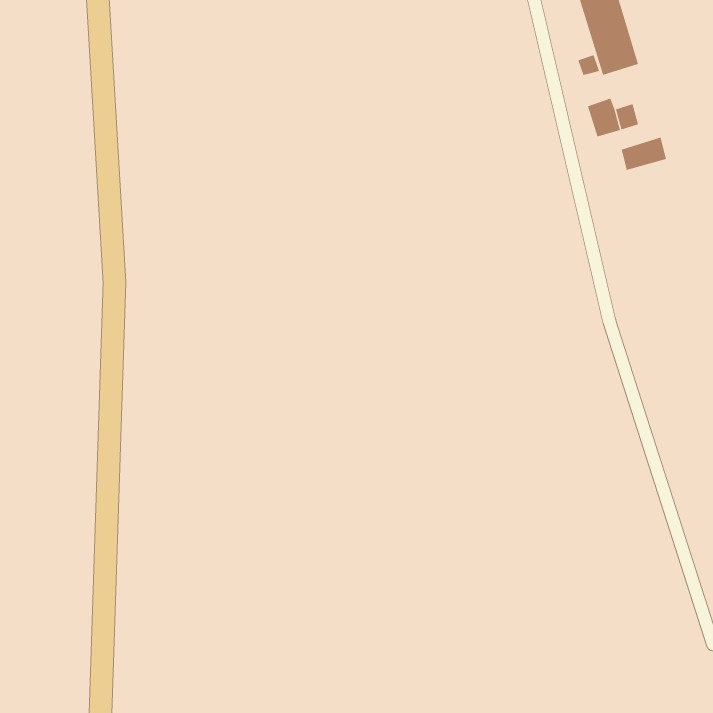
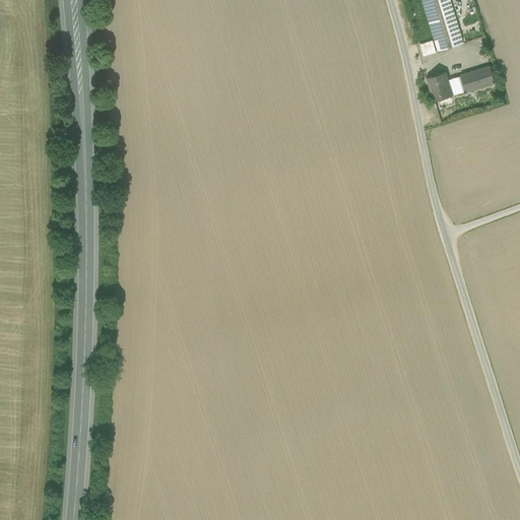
building: [621,137,667,170] -> [460,66,494,90]

